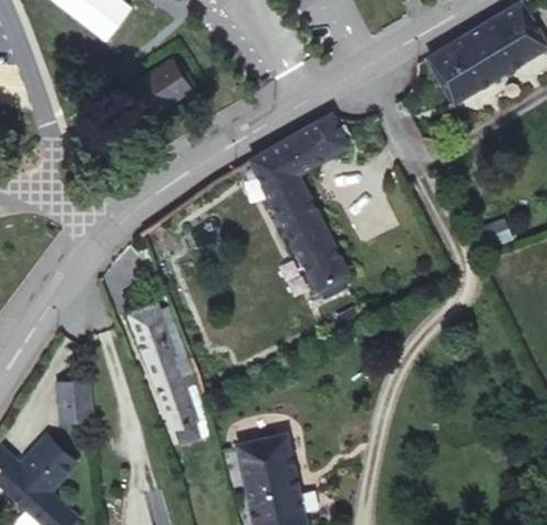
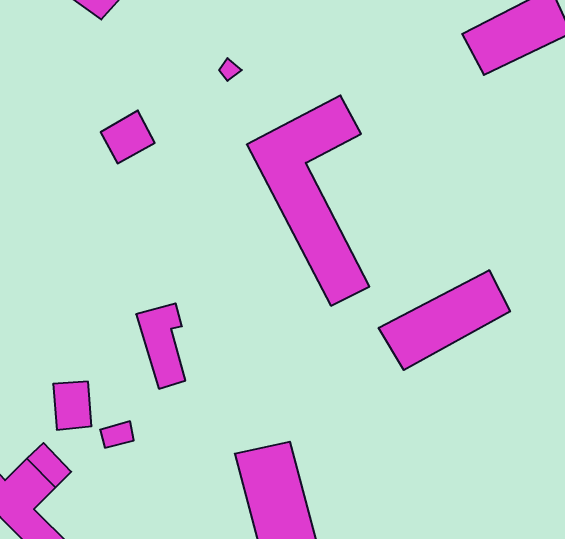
building: [144,61,194,110] -> [101,110,155,163]
building: none -> [379,270,510,370]
building: [161,374,204,444] -> none

